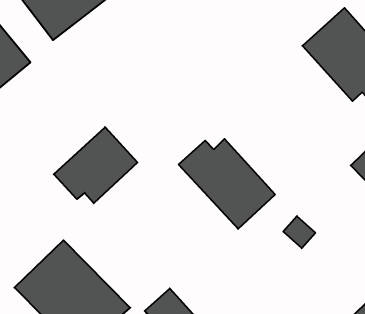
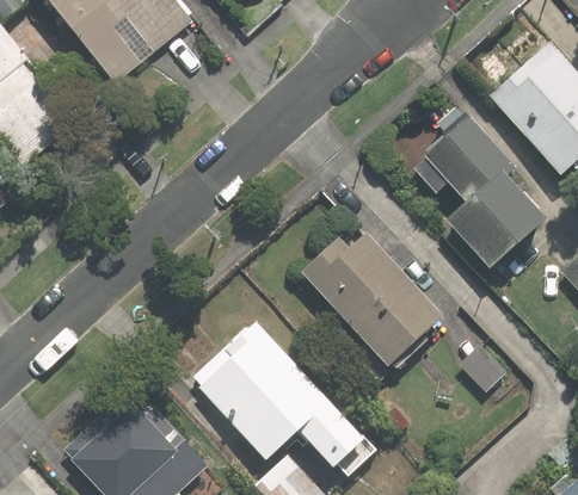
building: none -> [410,113,548,271]
building: [54,127,137,203] -> none
building: none -> [190,317,374,477]

